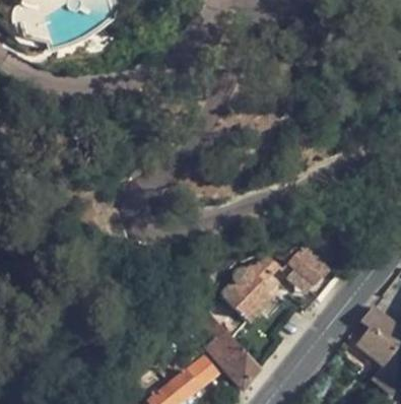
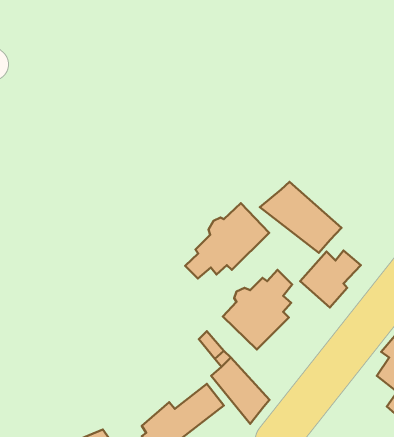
building: none -> [260,182,342,253]
building: none -> [185,203,269,279]

